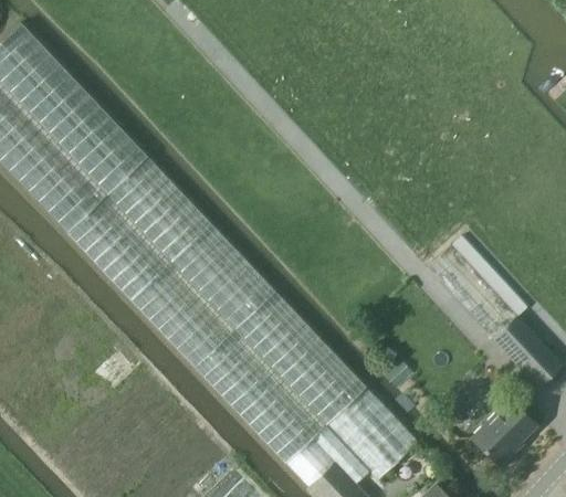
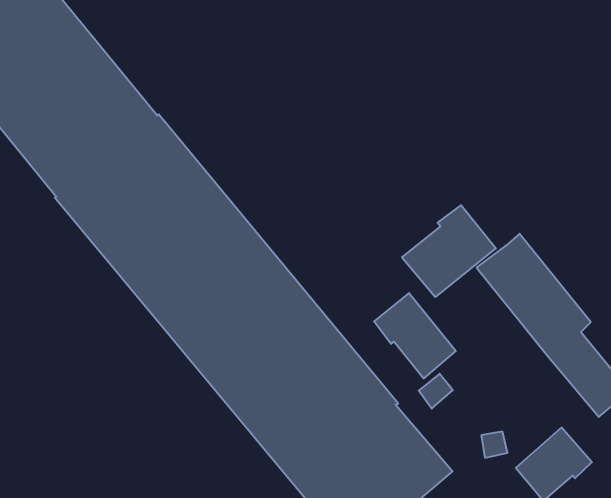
building: none -> [402,205,496,297]
building: none -> [374,293,456,378]

